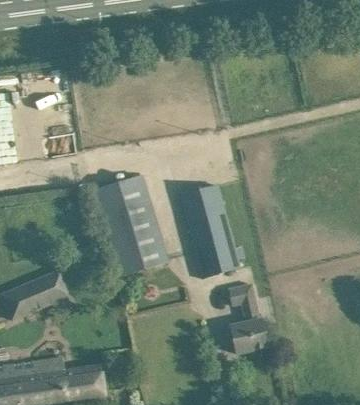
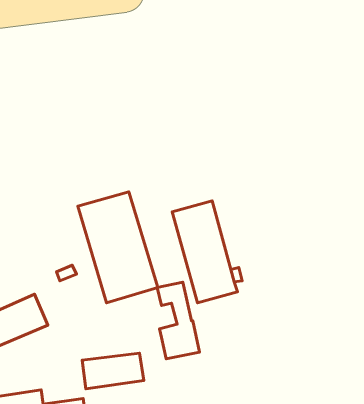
building: [229,282,267,351] -> [157,282,199,359]
building: none -> [82,353,144,389]

